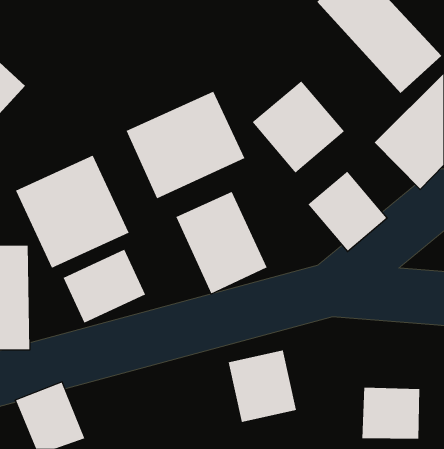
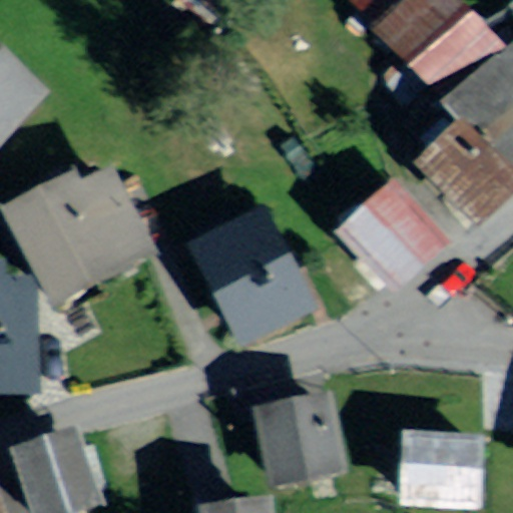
building: [252,81,345,174] -> none
building: [126,91,245,199] -> none
building: [63,249,146,323] -> none

